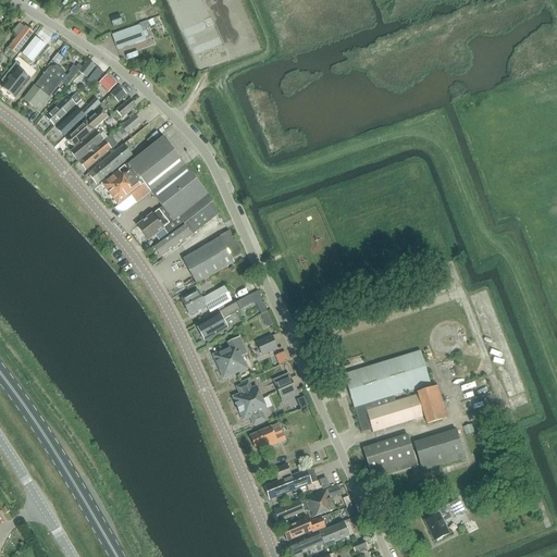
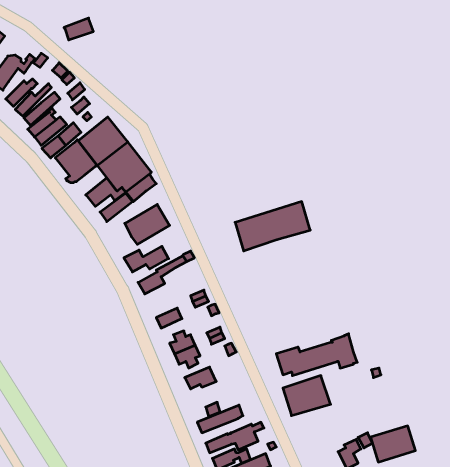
building: [214,336,245,366] -> none
building: [346,350,432,407] -> [235,202,310,251]
building: [414,428,466,469] -> [371,426,415,462]

